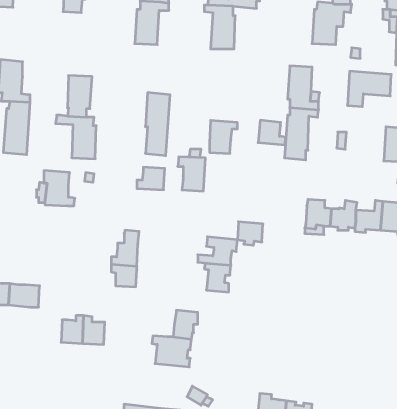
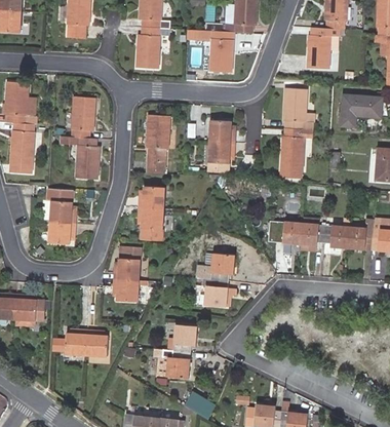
building: [258,120,286,145] -> [208,119,235,143]
building: [178,157,205,191] -> [136,206,163,239]
building: none -> [48,222,77,242]
building: [237,222,263,245] -> [276,221,301,243]

